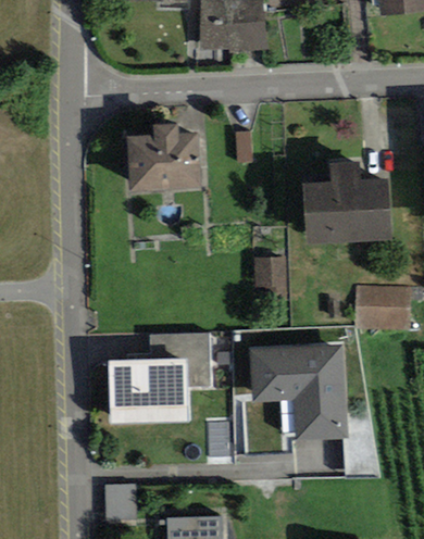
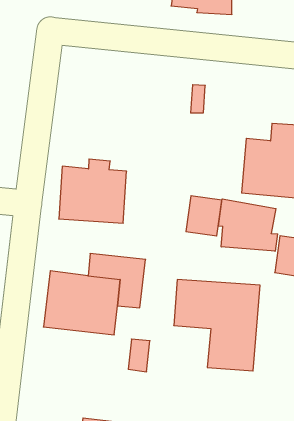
building: [125,123,201,195] -> [59,159,127,223]
building: none -> [218,199,278,251]
building: [104,484,136,518] -> none

